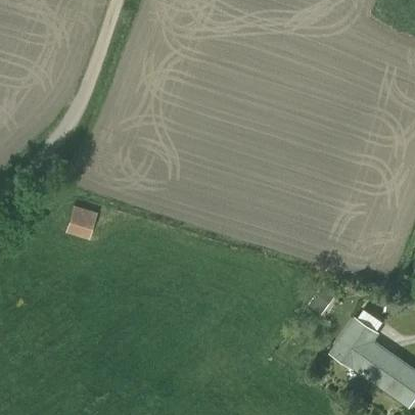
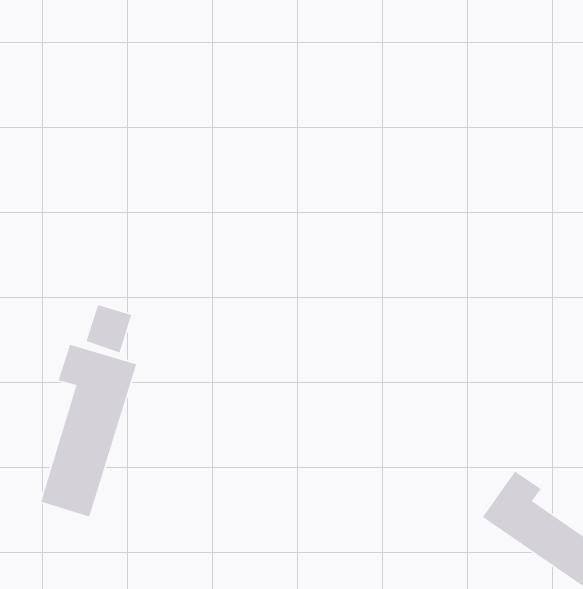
building: none -> [40,344,137,517]

